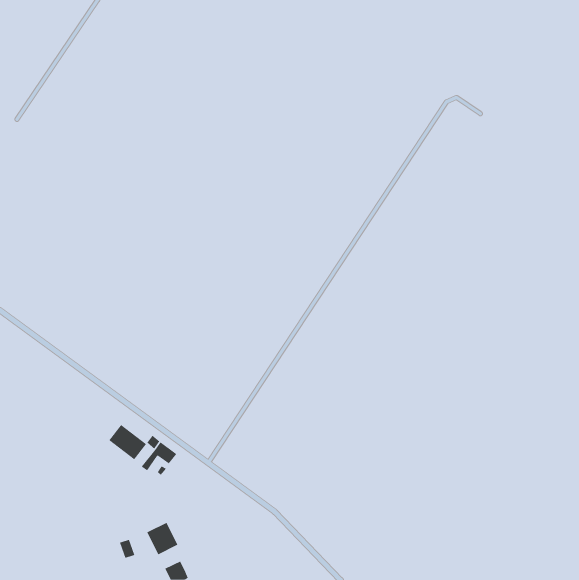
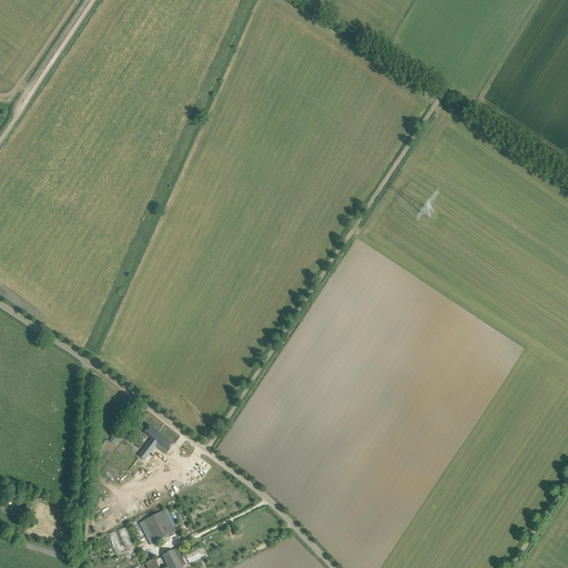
building: [109,424,147,460] -> none

